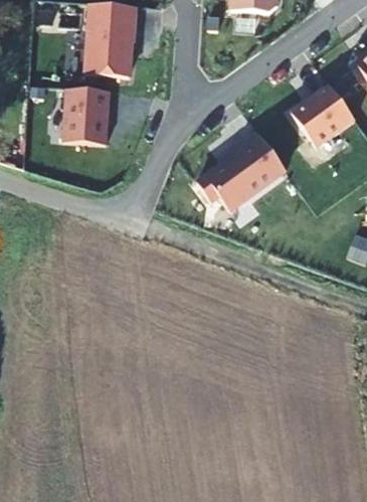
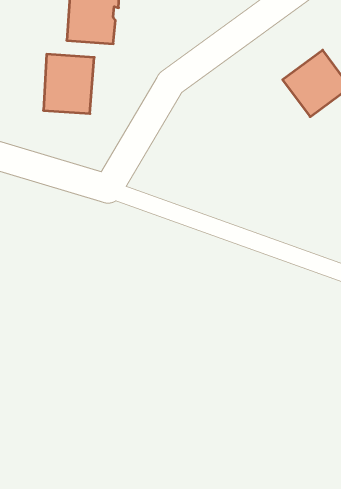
building: [196,133,286,210] -> none

